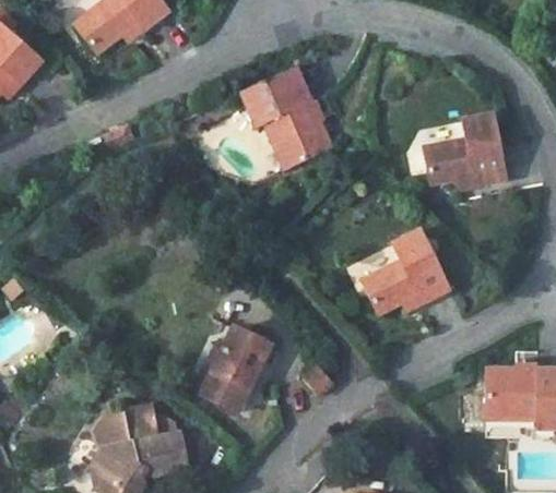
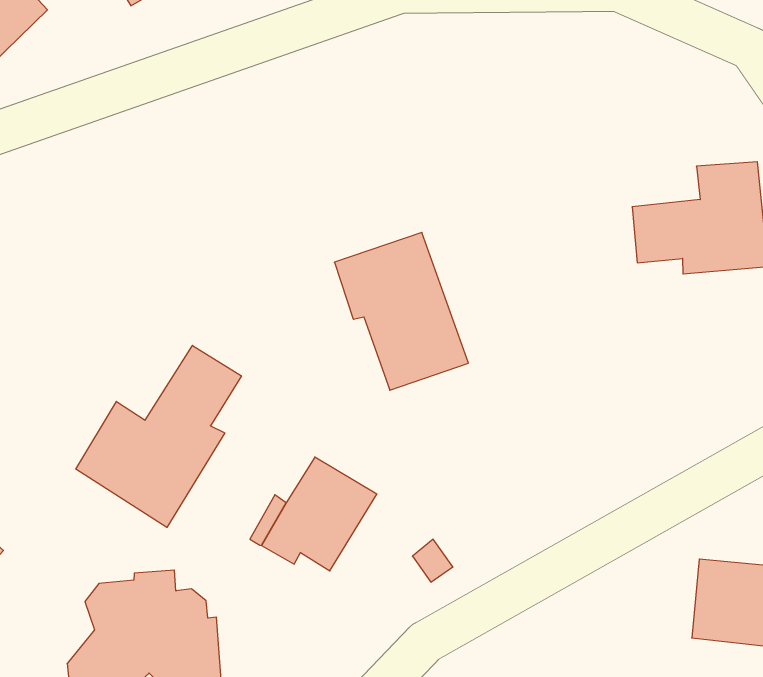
building: [239,68,330,169] -> [334,232,468,390]
building: [352,230,448,318] -> none
building: none -> [76,345,241,527]

